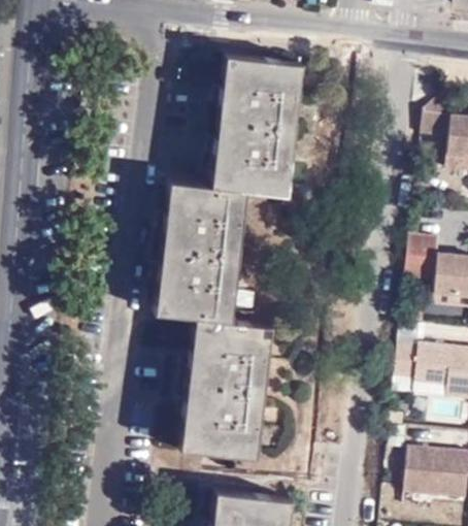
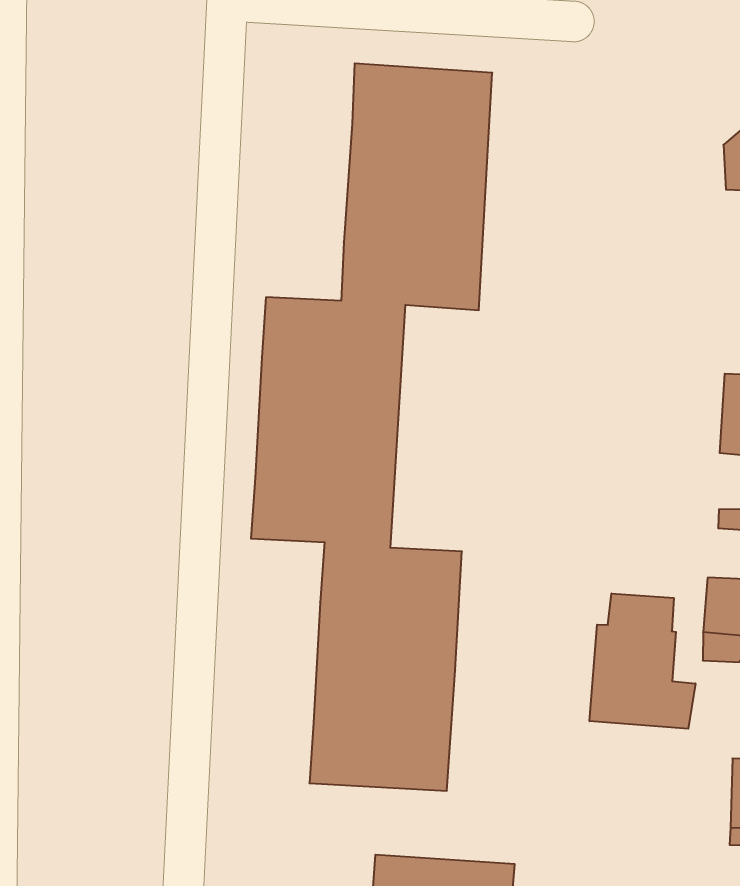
building: none -> [590,593,695,729]

